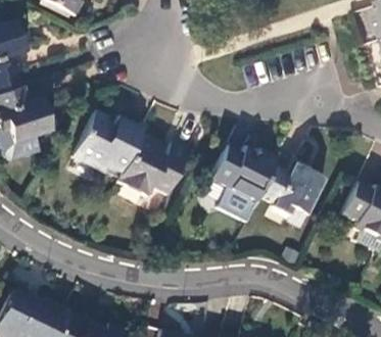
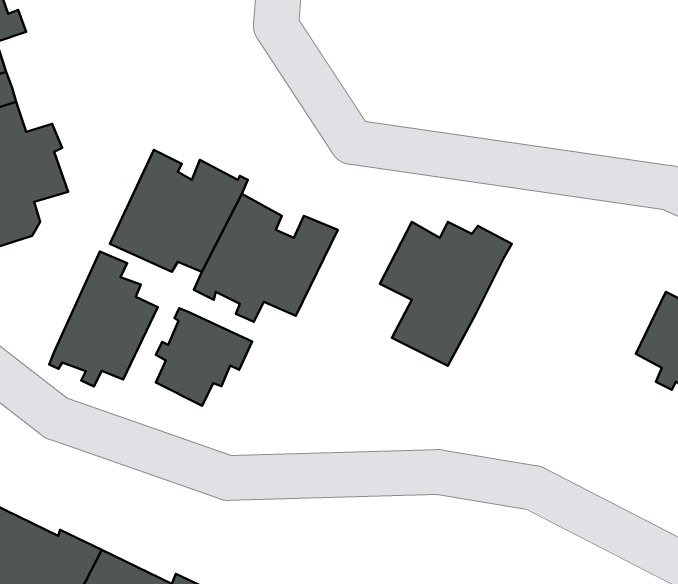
building: [258,157,323,215] -> none
building: none -> [49,251,158,387]
building: none -> [156,308,252,406]

